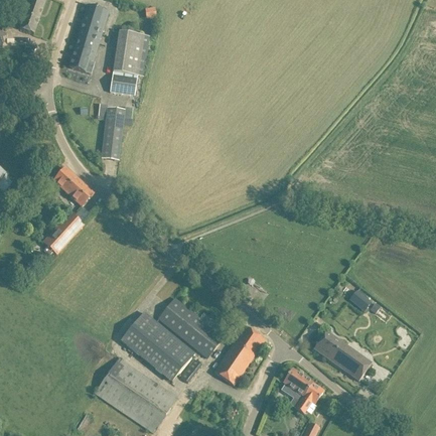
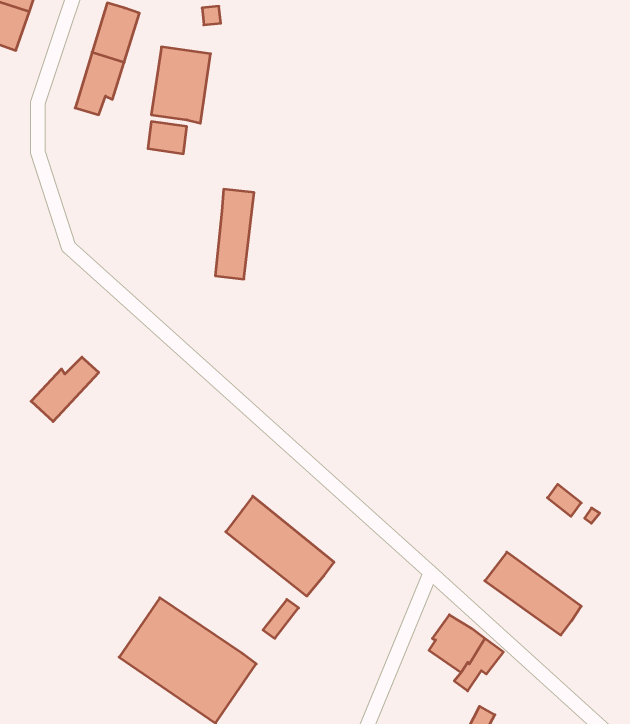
building: [102,106,125,159] -> [215,189,254,279]
building: [53,166,94,205] -> none
building: [121,311,194,381] -> none
building: [213,326,265,385] -> none

